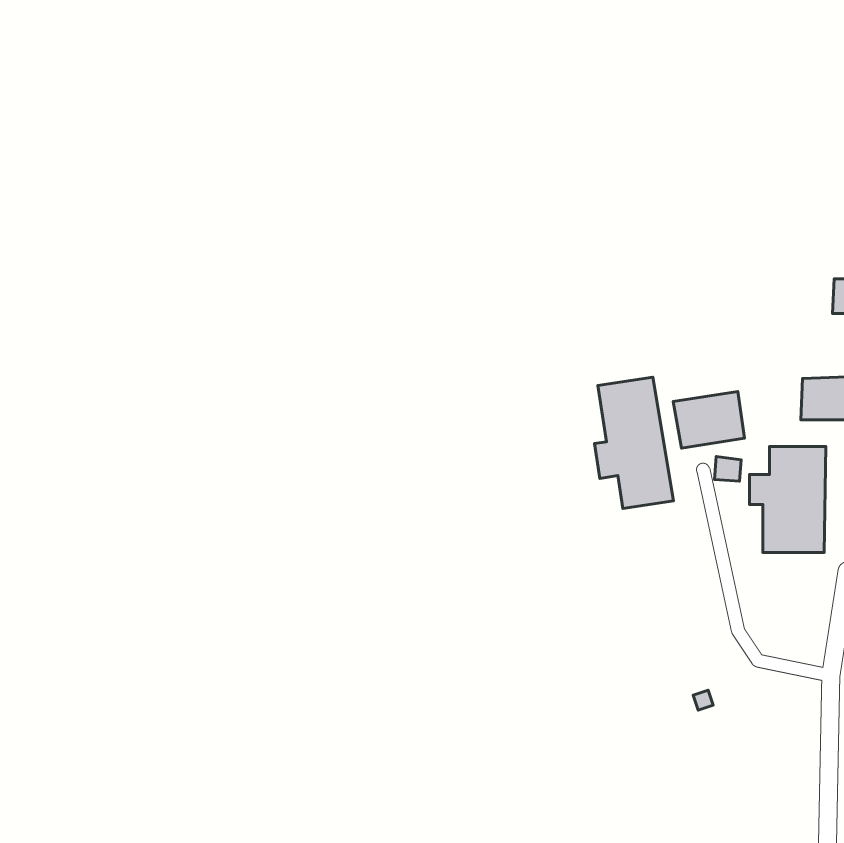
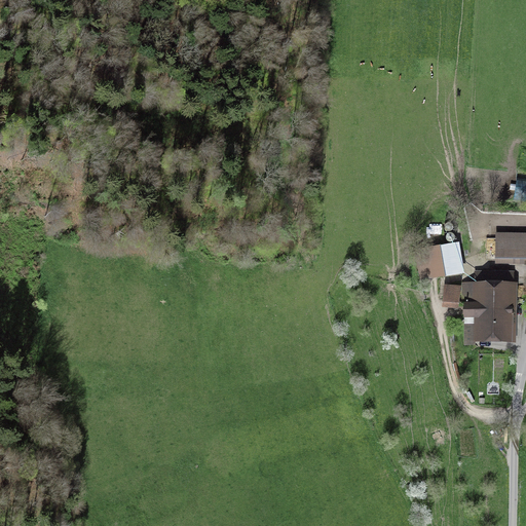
building: [594,377,673,509] -> none

